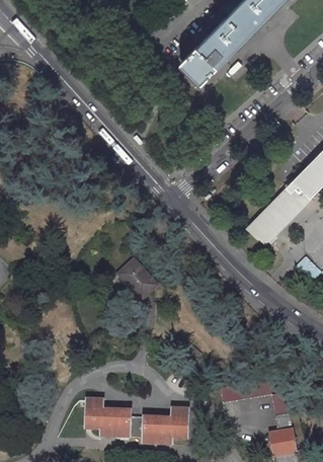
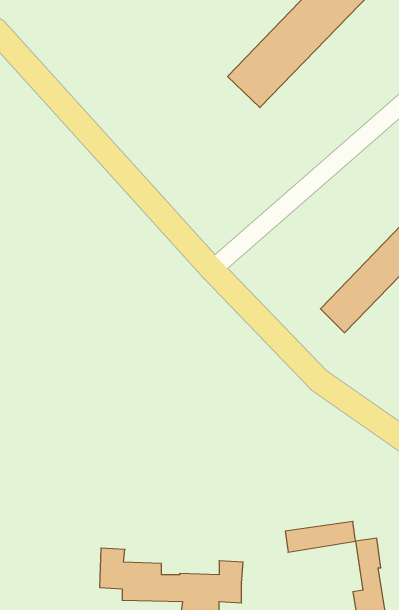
building: [120,260,160,300] -> none

